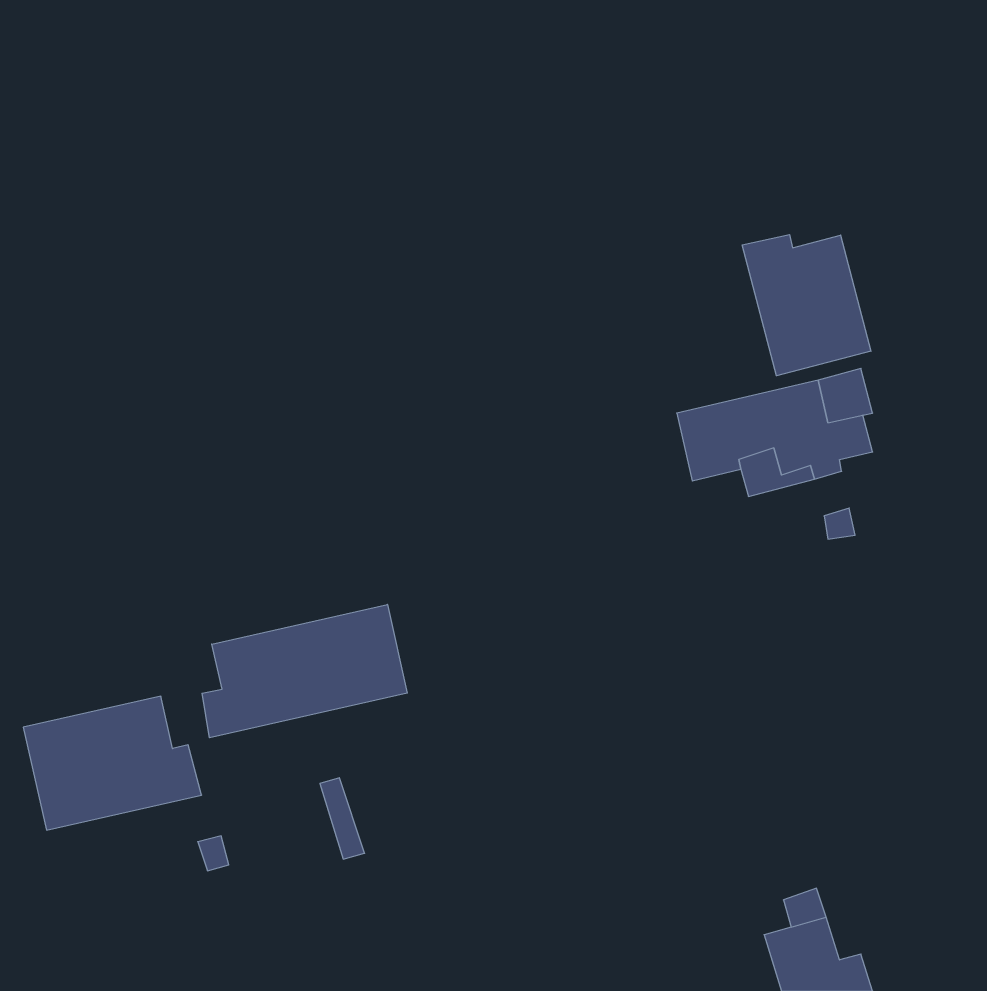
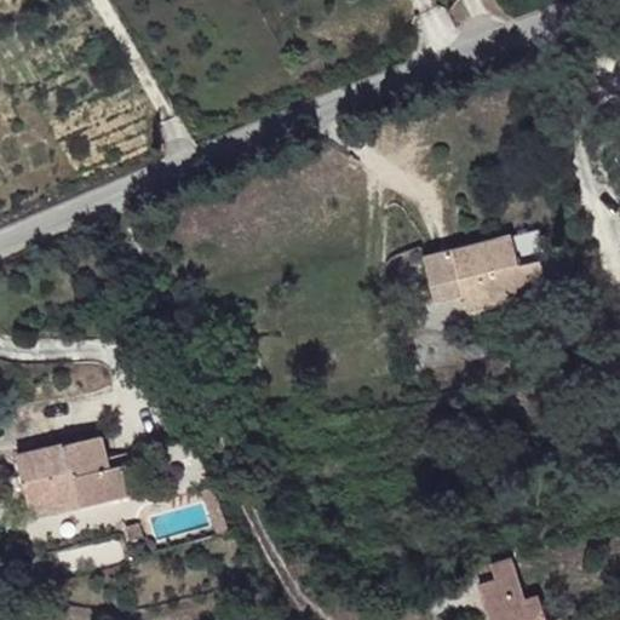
building: [742,235,871,376] -> none
building: [202,604,407,738] -> none

